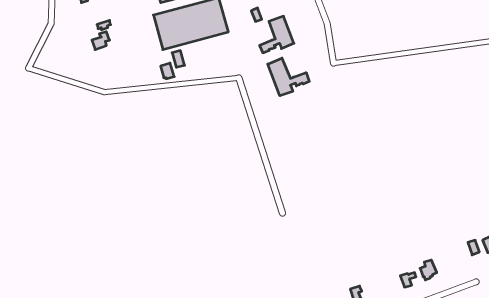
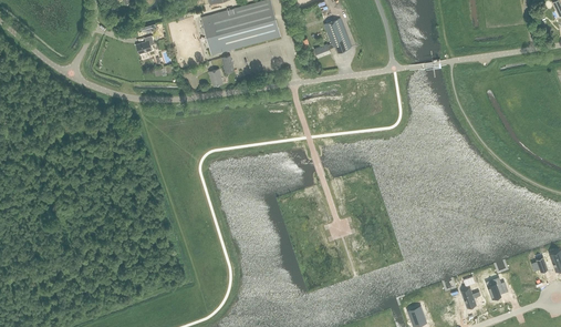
building: [268,58,309,96] -> none

